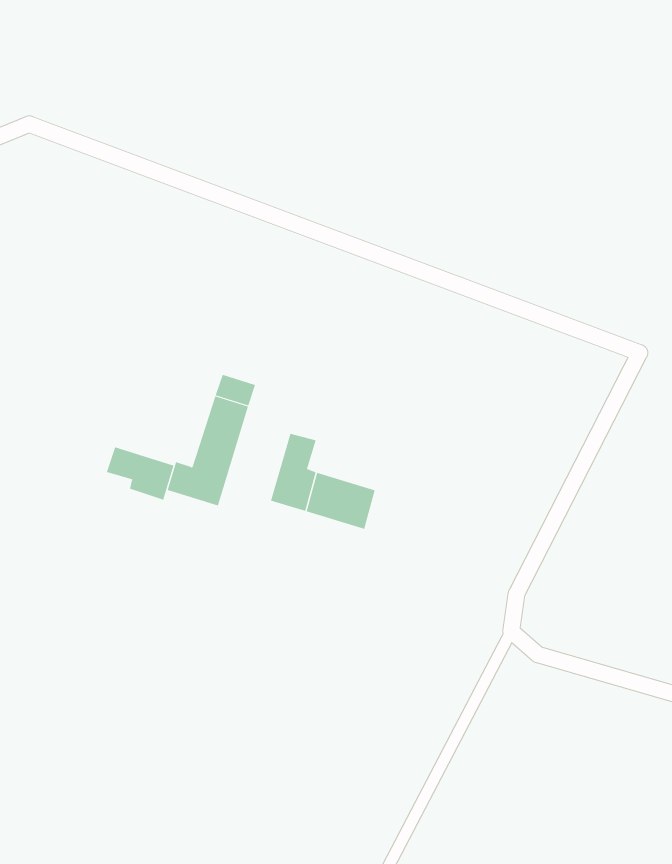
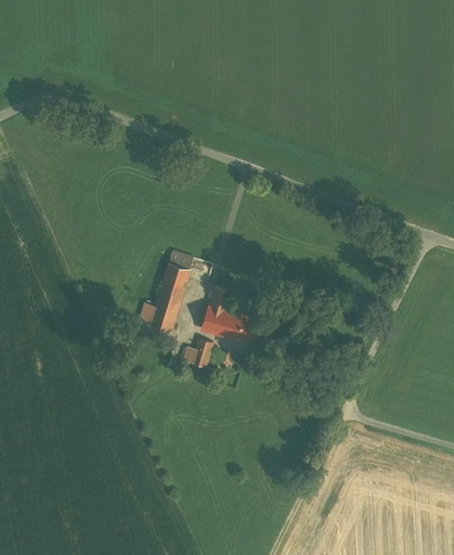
building: [106,447,174,500] -> none
building: none -> [183,338,212,366]

